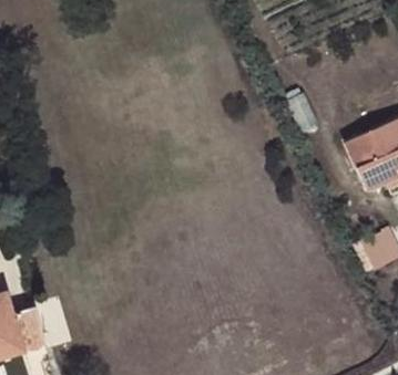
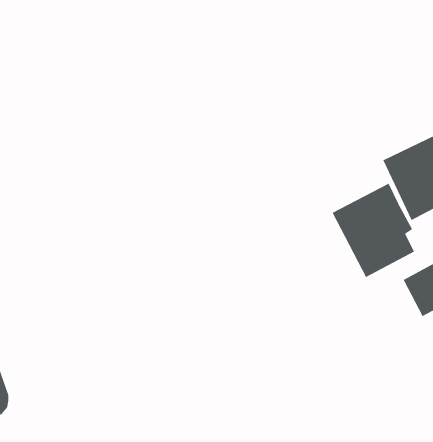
building: none -> [332,183,415,278]

